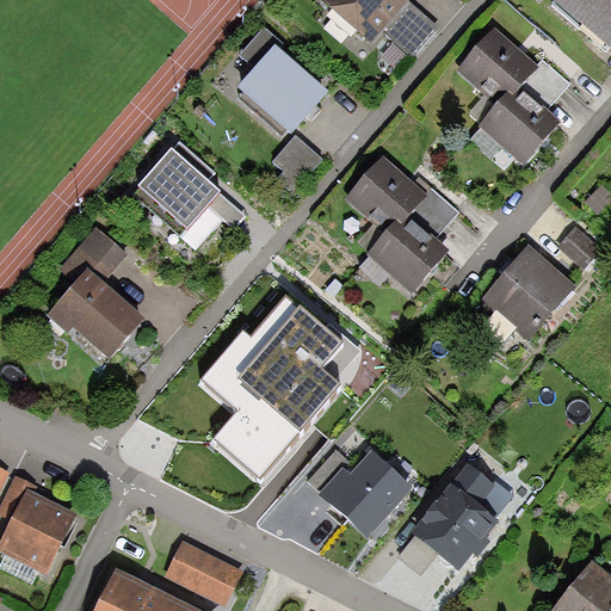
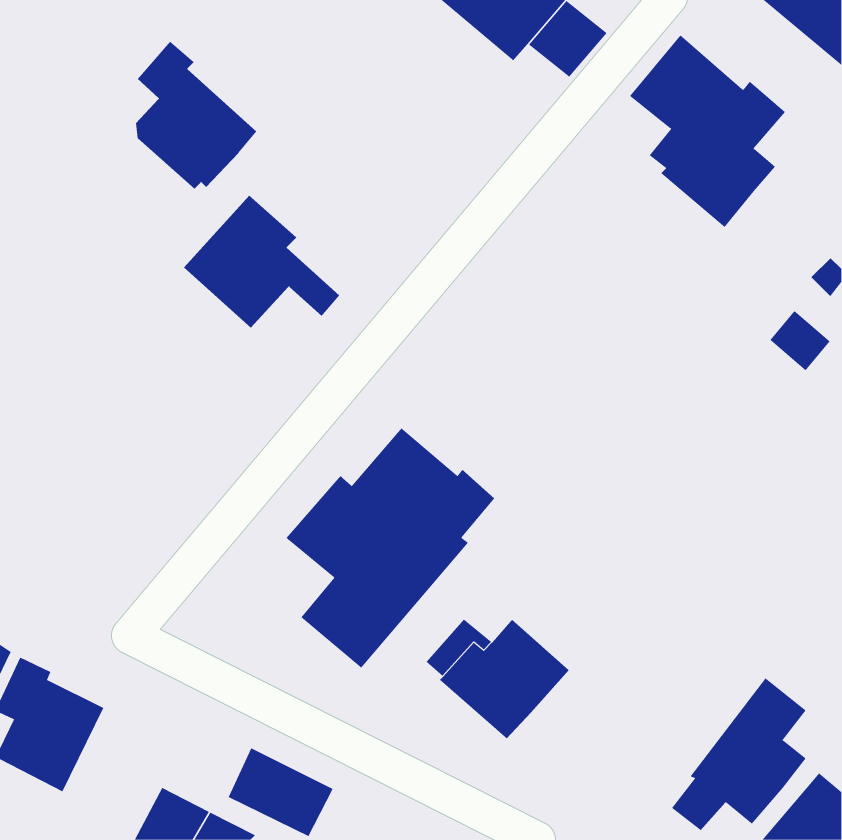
building: [239,26,327,134] -> [135,41,257,189]
building: [273,134,322,190] -> none
building: [345,155,459,294] -> none
building: [48,226,144,359] -> none
building: [481,242,576,338] -> none
building: [399,461,496,572] -> [671,678,807,831]

